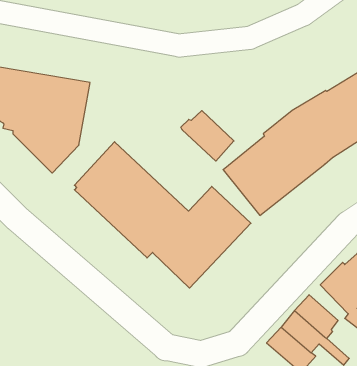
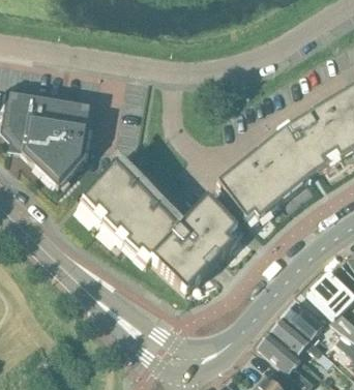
building: [181,111,234,161] -> none

